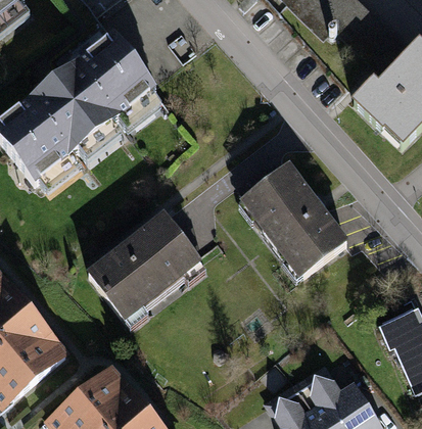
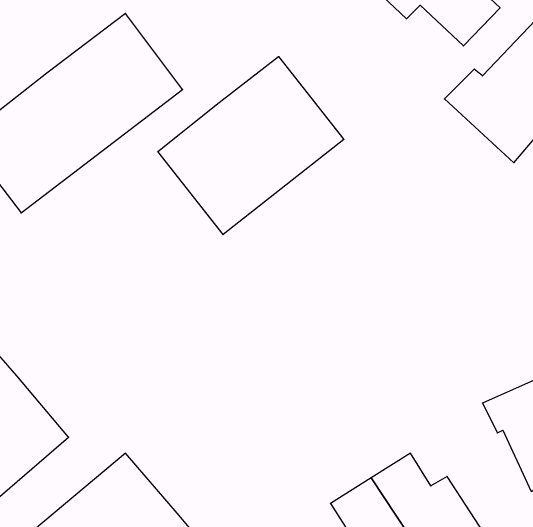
building: none -> [158,57,344,235]
building: [240,161,350,277] -> none
building: [86,210,203,320] -> none

